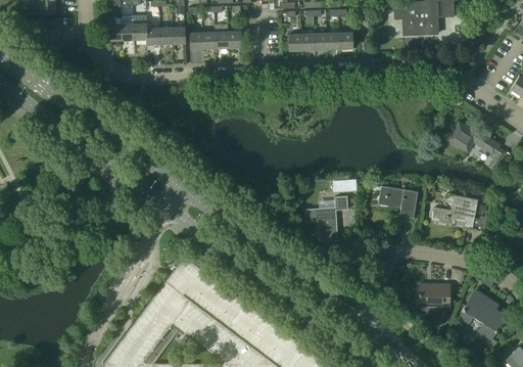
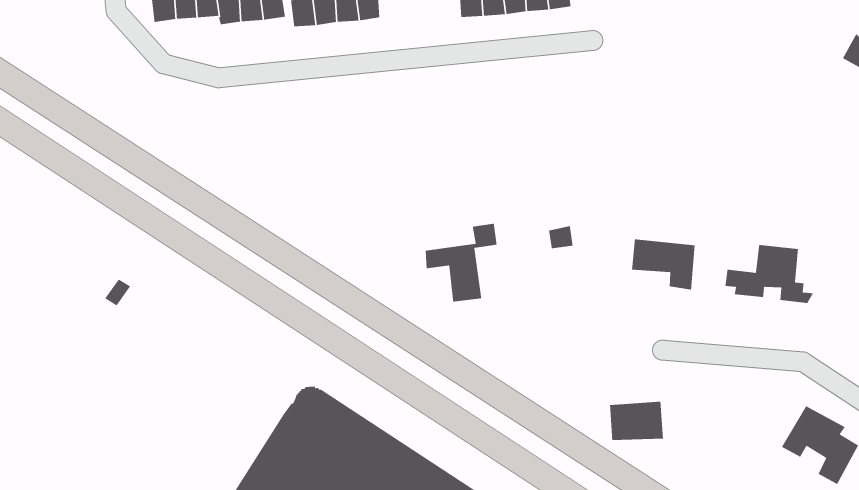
building: [446,122,506,171] -> none
building: [305,196,348,241] -> [425,223,498,302]
building: [419,284,449,307] -> [609,401,664,441]

